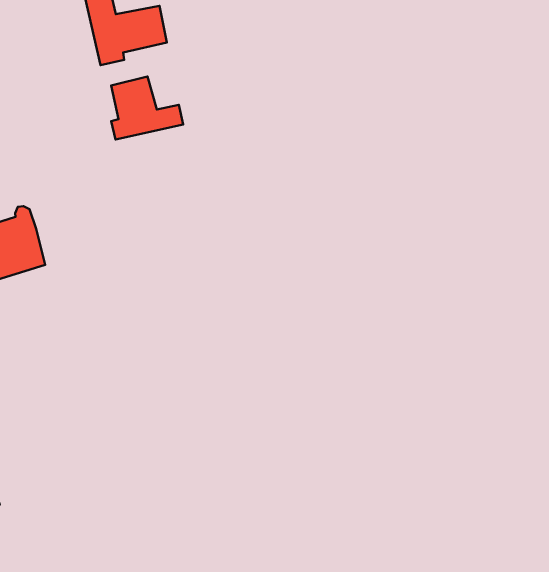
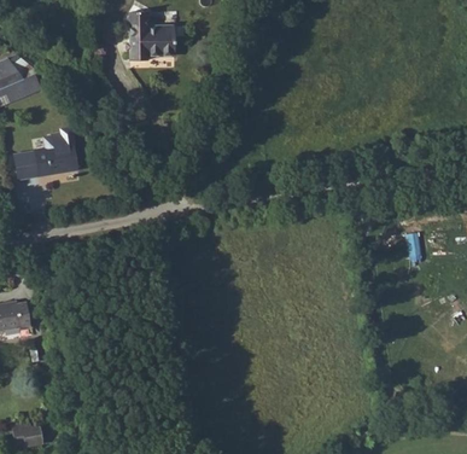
building: [111,76,183,139] -> none

